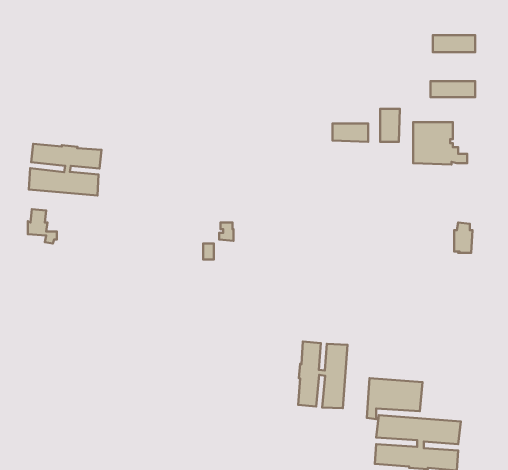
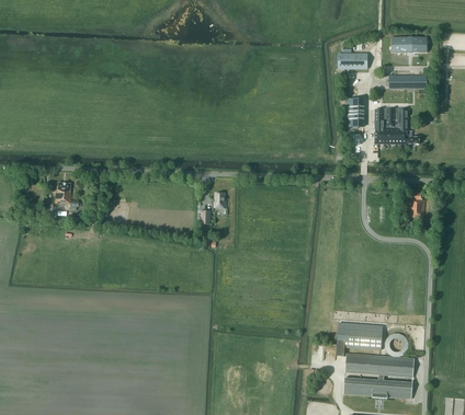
building: [332,123,368,142] -> [338,53,367,68]
building: [29,144,101,196] -> none
building: [298,342,348,408] -> none

